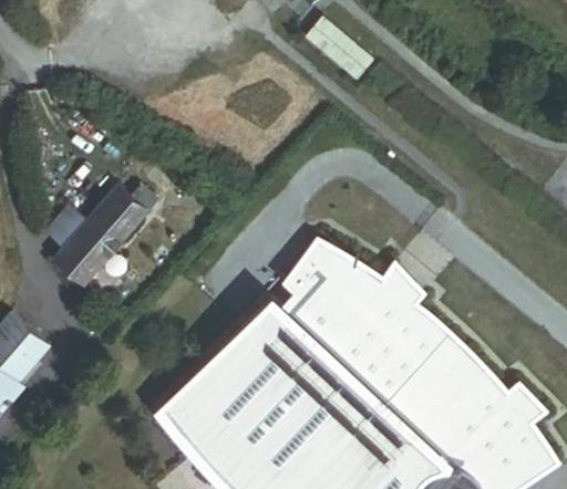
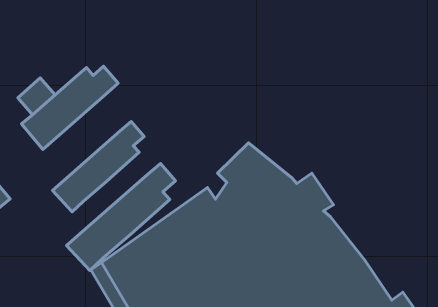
building: none -> [52,122,144,212]
building: none -> [67,163,176,270]

